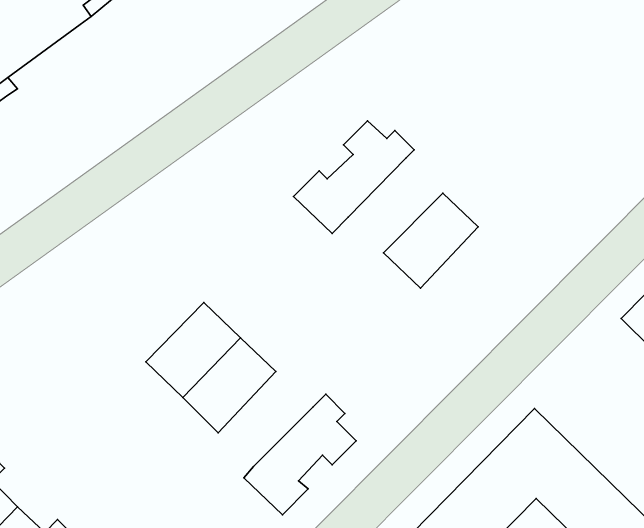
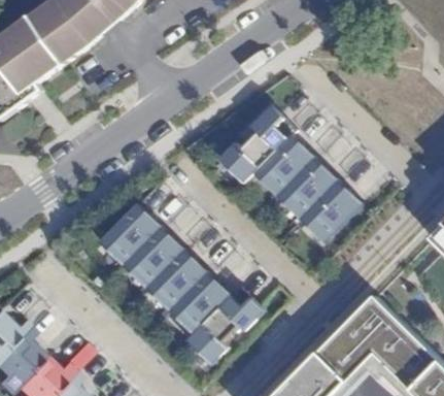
building: none -> [252,133,313,194]
building: none -> [299,177,362,241]
building: none -> [99,202,160,264]
building: none -> [169,270,230,331]

